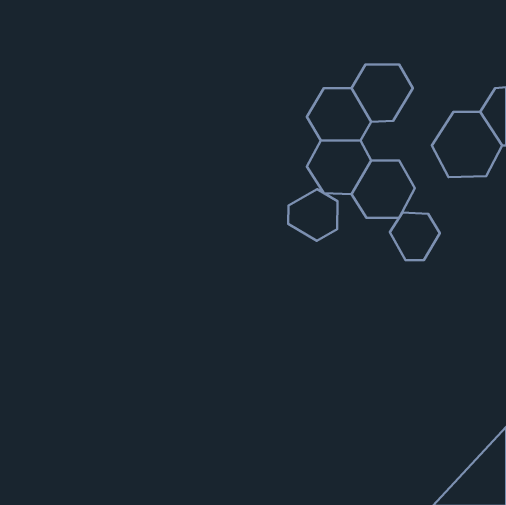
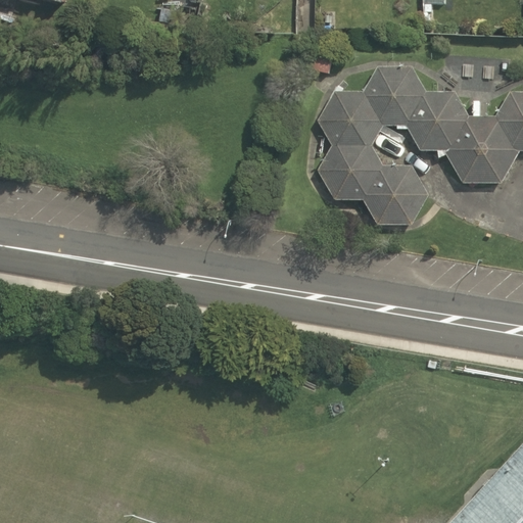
building: none -> [406,92,468,151]
building: [288,189,337,241] -> none
building: [390,212,440,260] -> none

